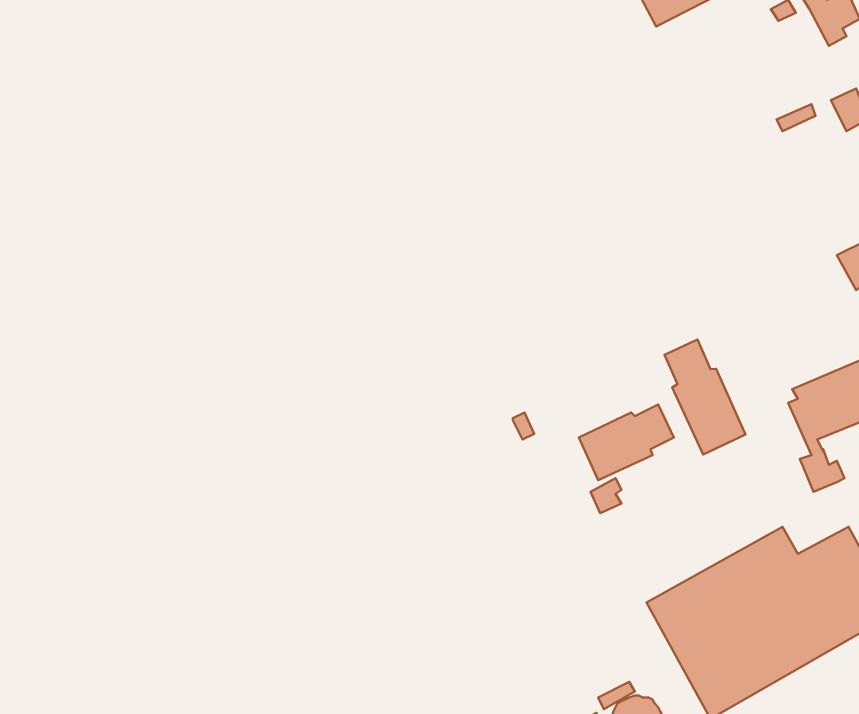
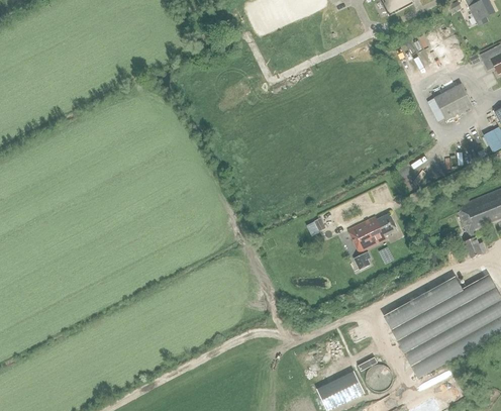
building: none -> [434,83,474,120]
building: [665,340,745,454] -> none

